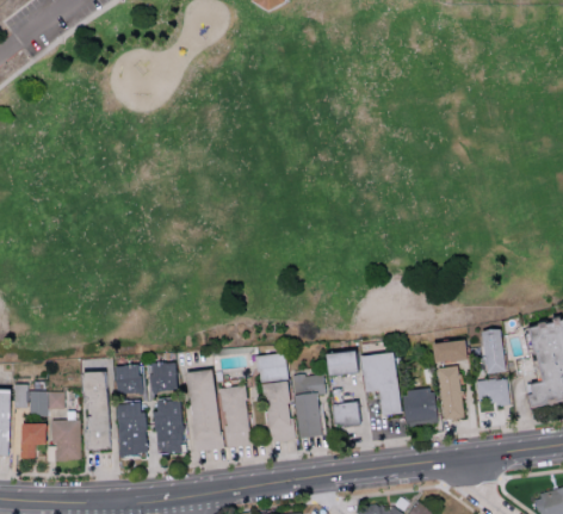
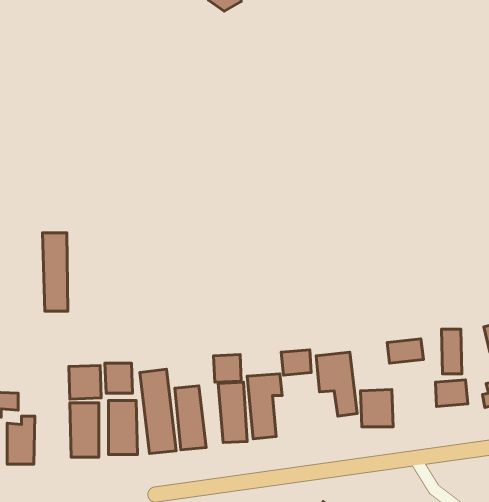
building: [439,366,466,421] -> none
building: [87,374,112,452] -> [43,233,68,311]
building: [333,402,358,425] -> none

